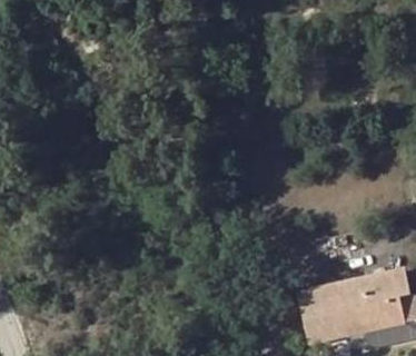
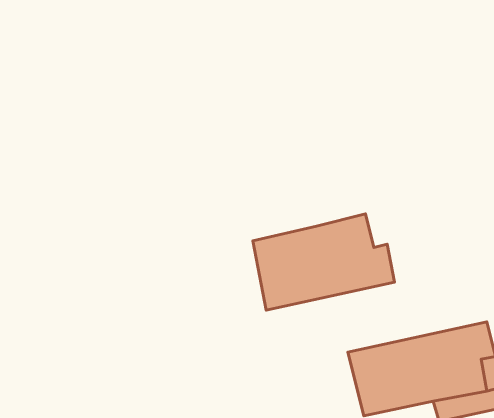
building: none -> [253,214,394,310]

